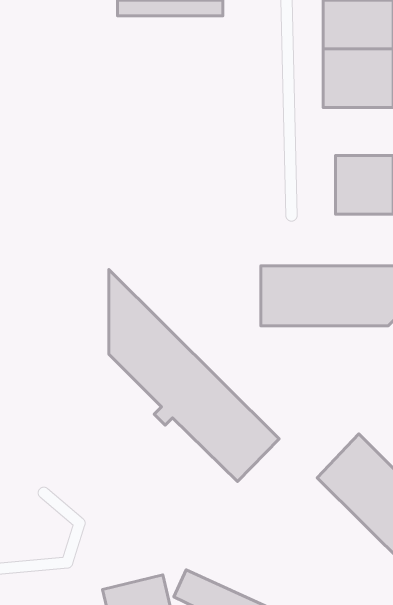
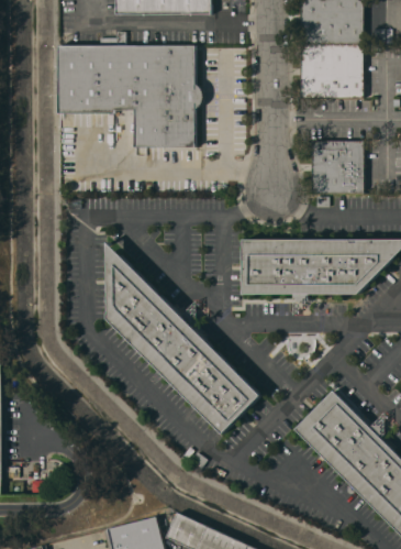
building: none -> [58,45,202,147]

